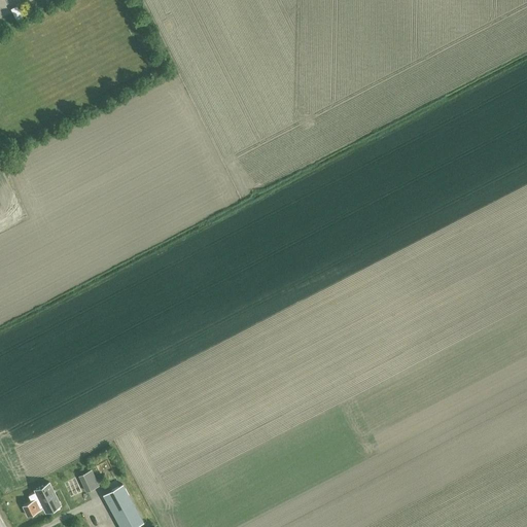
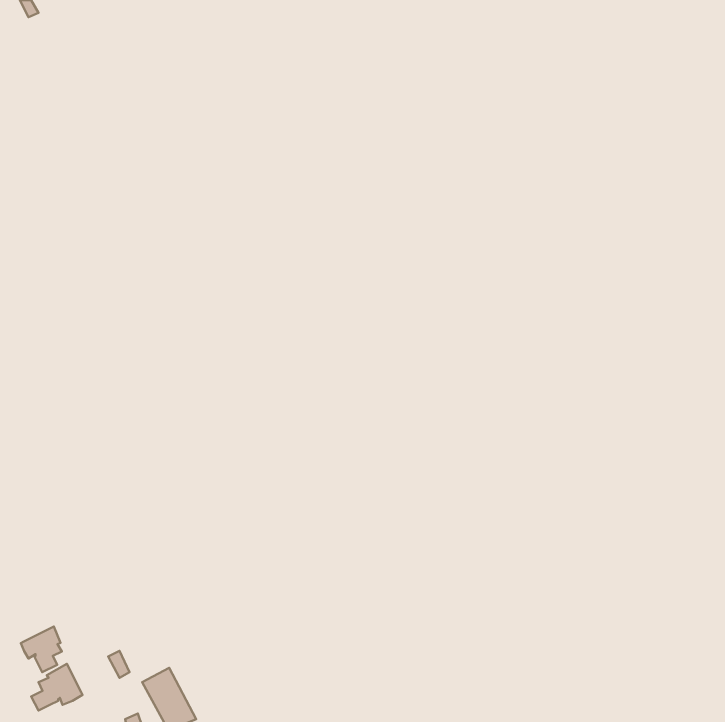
building: none -> [21,626,62,672]

